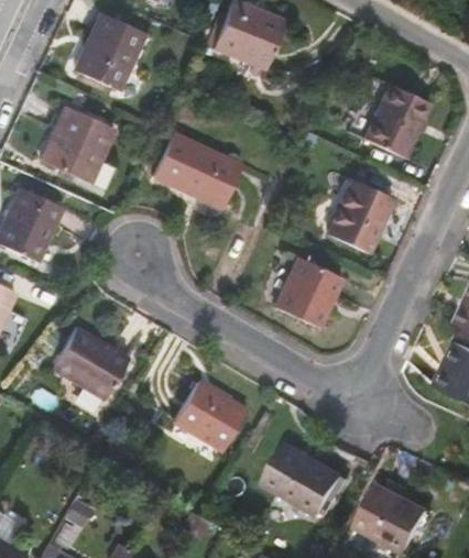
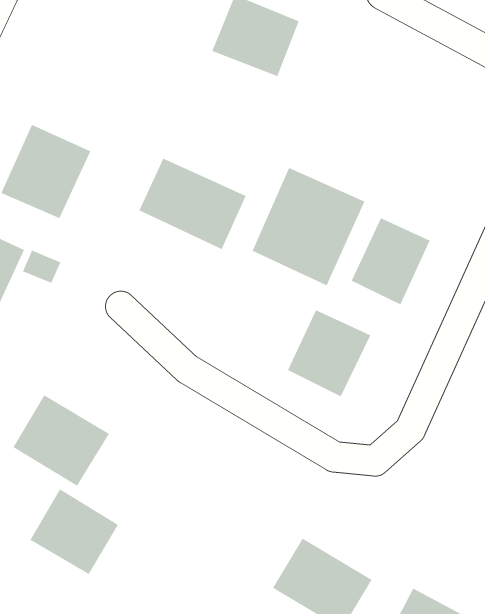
building: [76,12,145,90] -> none
building: [363,83,432,158] -> none
building: none -> [252,167,365,286]
building: [175,380,248,450] -> [30,488,119,575]

